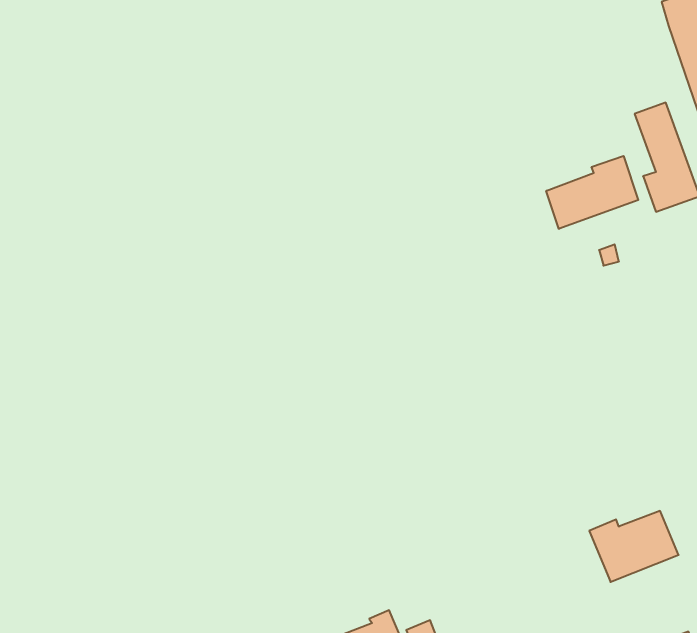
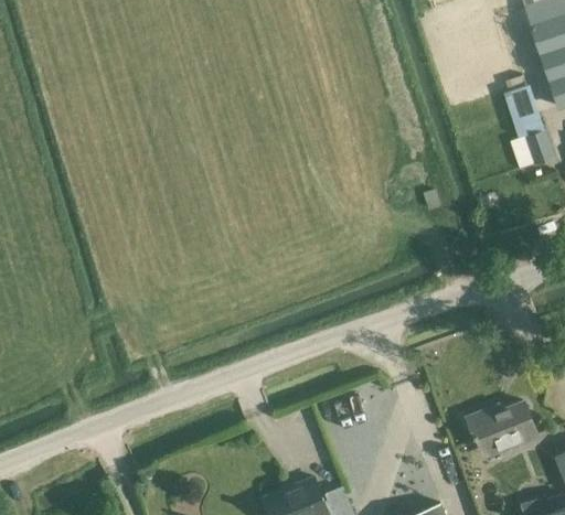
building: [546,156,638,229] -> none

